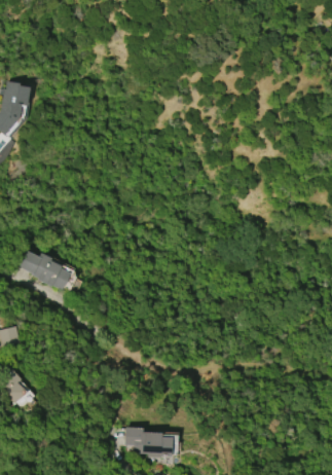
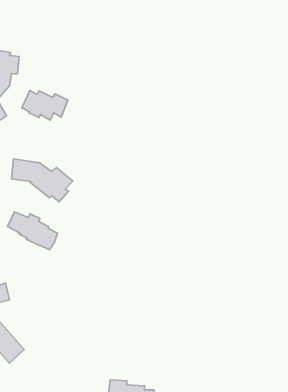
building: none -> [22,90,68,120]
building: none -> [12,159,73,202]

